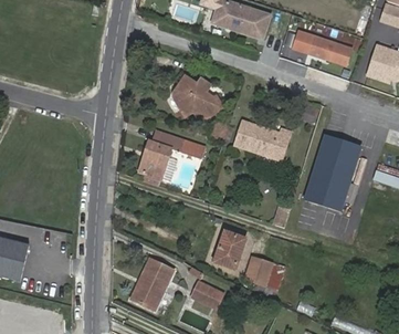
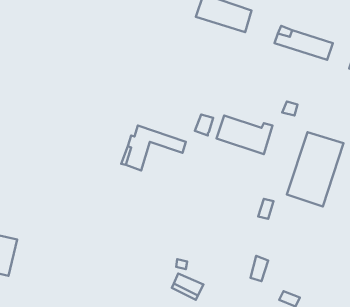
building: [170,74,221,123] -> none
building: [214,229,248,268] -> none
building: [246,255,273,284] -> none
building: [128,258,171,309] -> none

